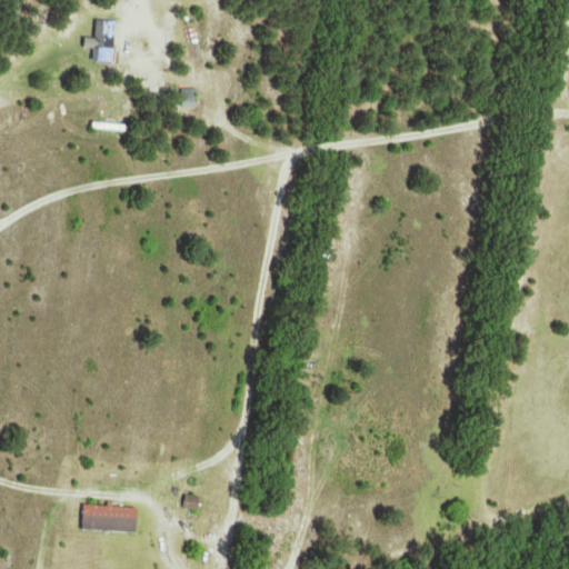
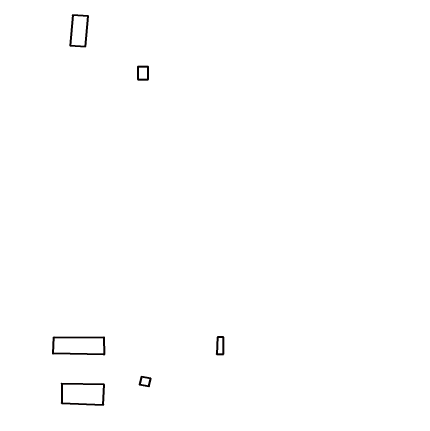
building: none -> [53,337,104,355]

